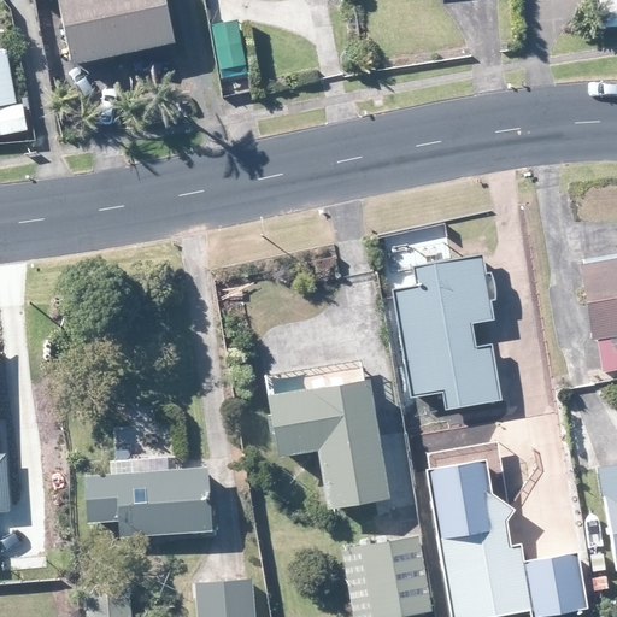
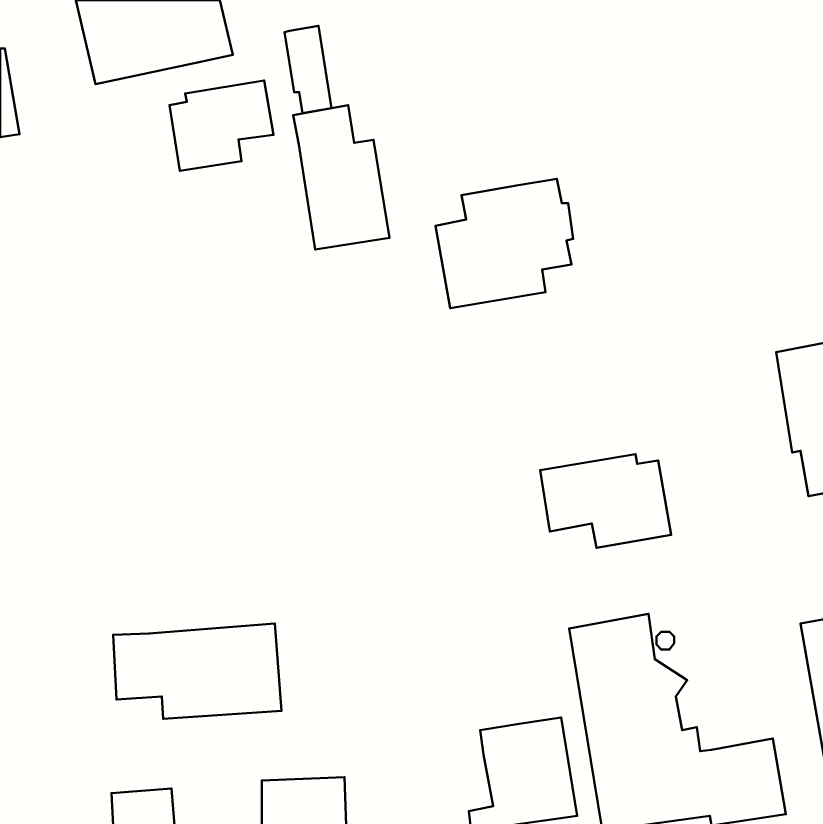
building: none -> [169,81,274,171]
building: none -> [293,105,390,250]
building: [394,255,496,352] -> [436,179,573,308]
building: [268,378,390,507] -> none

